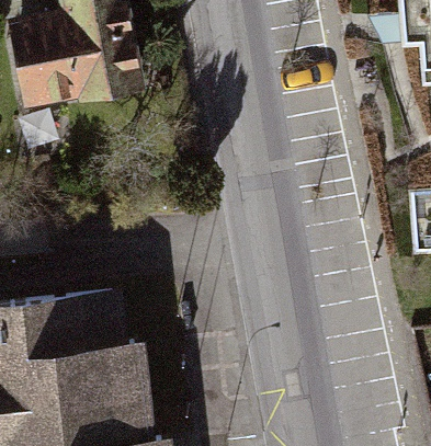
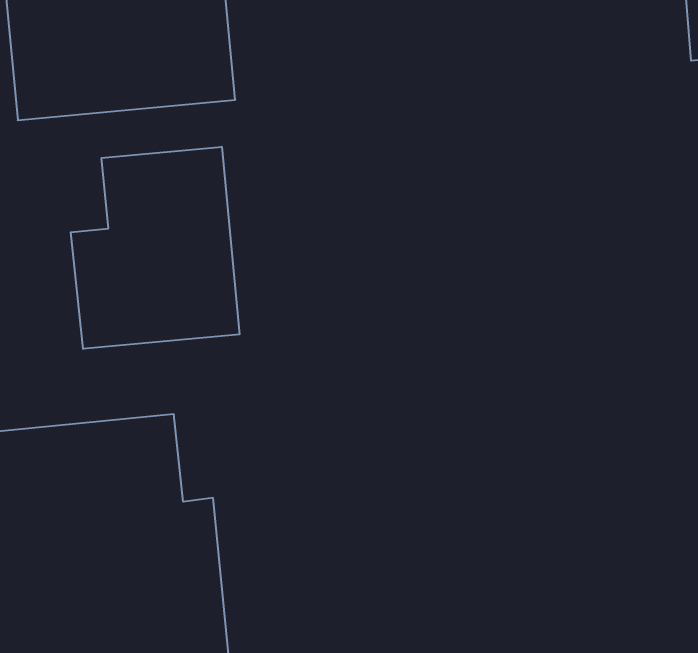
building: none -> [71,147,239,349]

